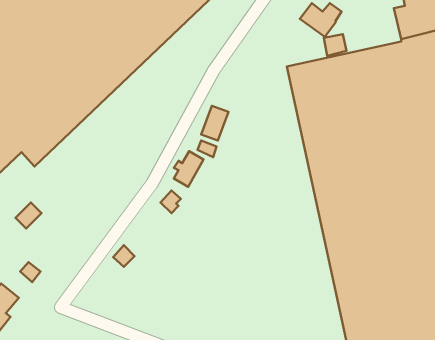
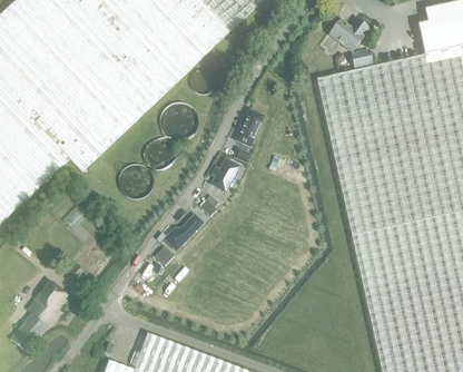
building: none -> [168,214,203,249]

